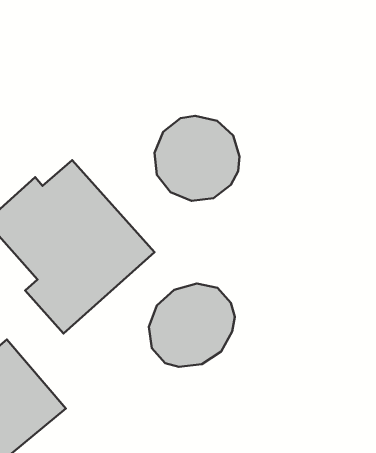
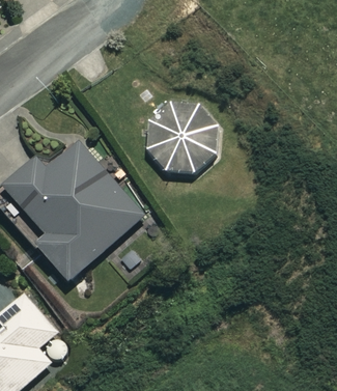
building: [149,283,235,367] -> none

